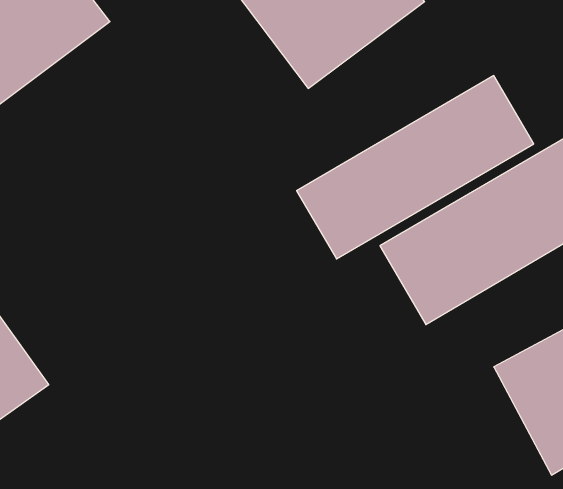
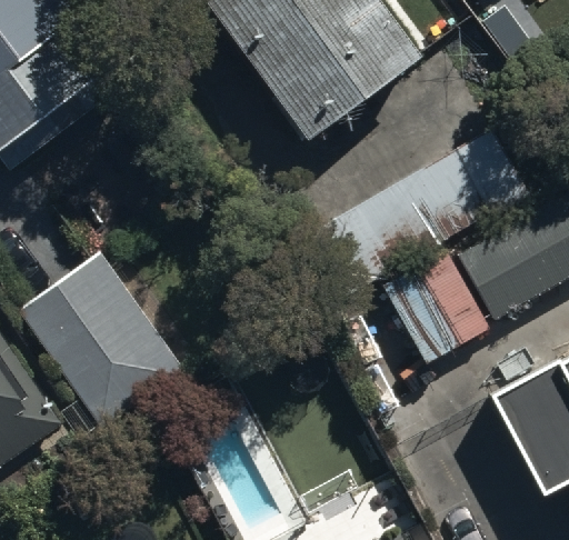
building: none -> [32,270,186,431]

